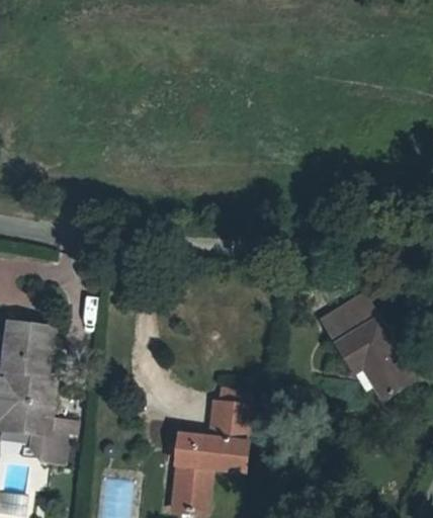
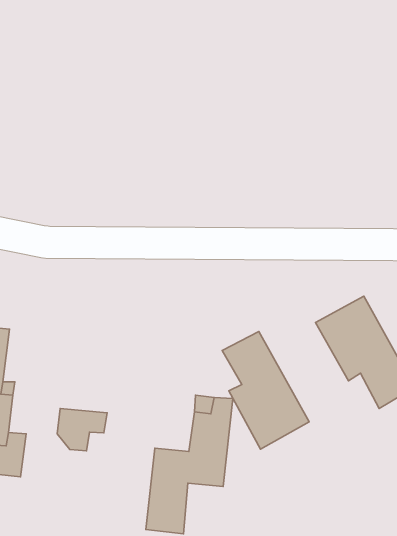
building: none -> [222,331,309,449]
building: none -> [57,408,107,451]

